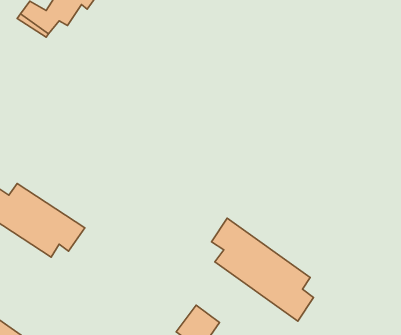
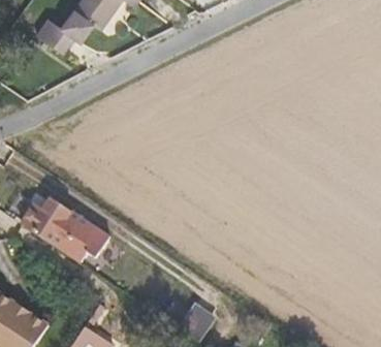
building: [212,218,314,321] -> none

